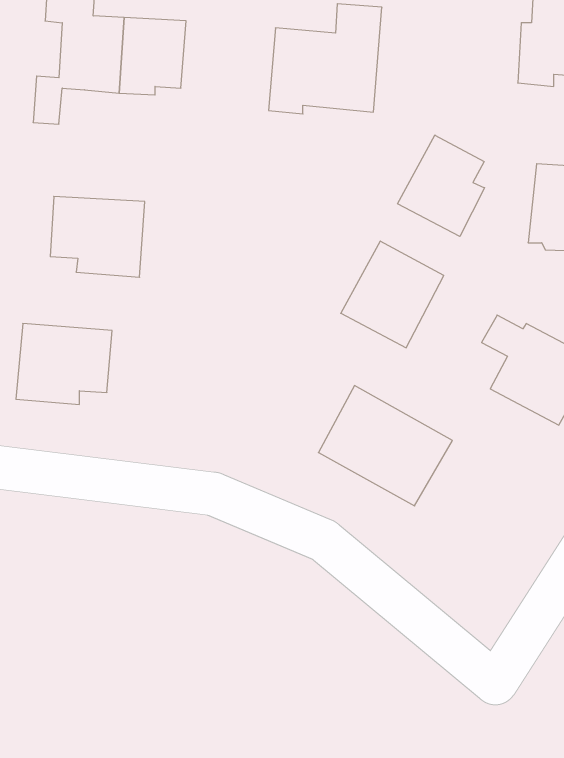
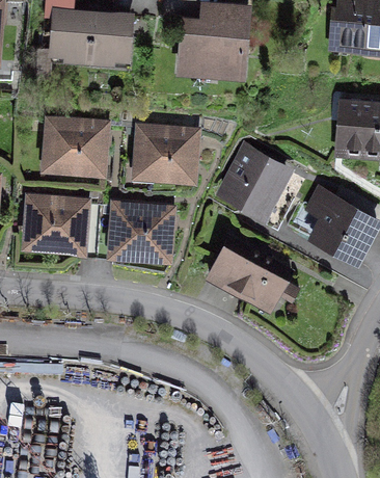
building: [398,135,485,236] -> none
building: none -> [131,129,195,181]
building: none -> [113,206,170,255]

